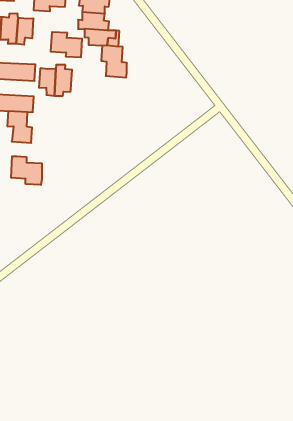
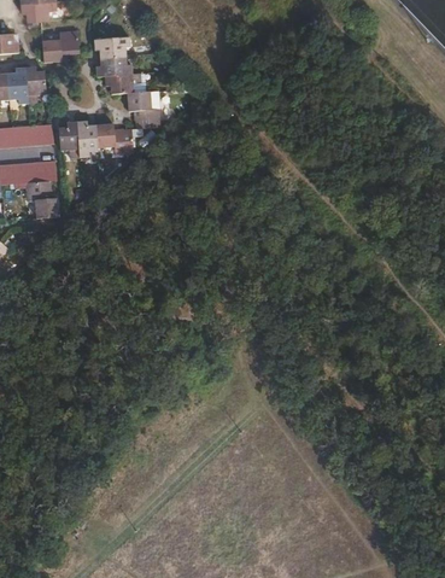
building: [51,32,82,57] -> [95,124,133,152]
building: [11,156,42,185] -> none

